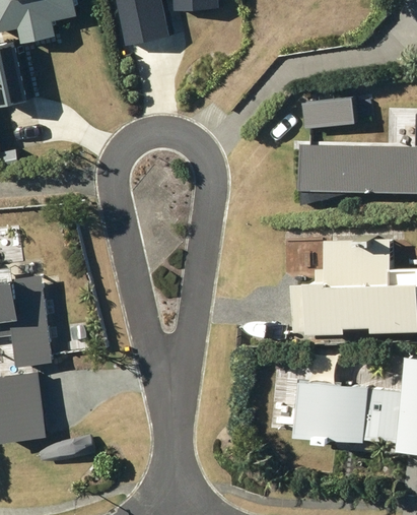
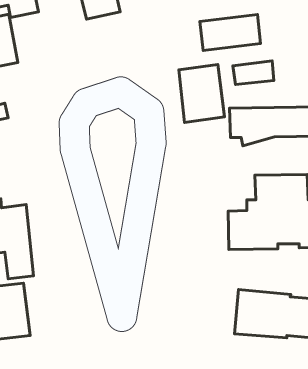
building: none -> [200,14,260,51]
building: none -> [179,65,224,122]

